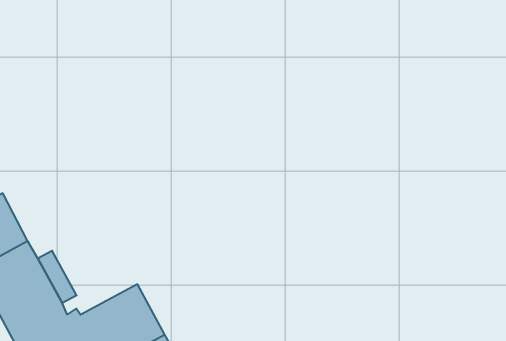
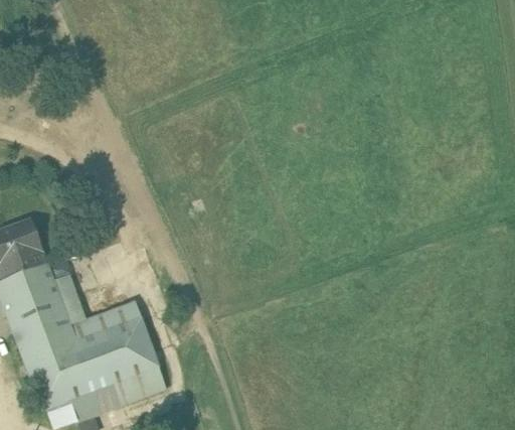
building: none -> [70,301,141,337]

